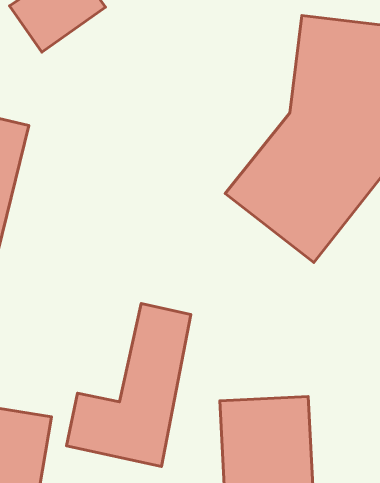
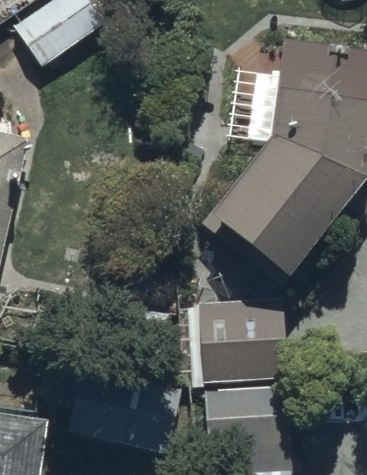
building: none -> [195,300,288,385]

